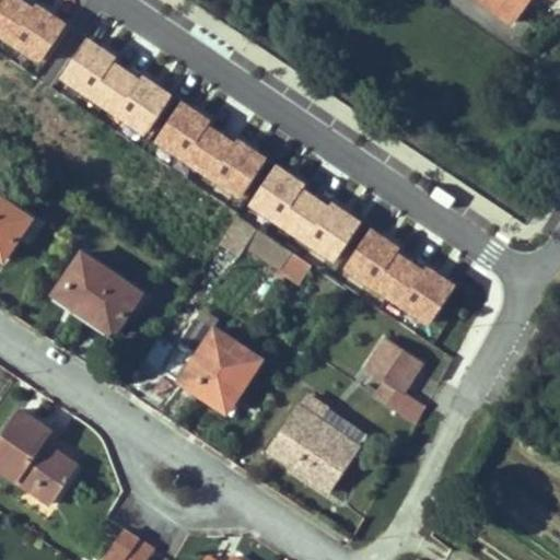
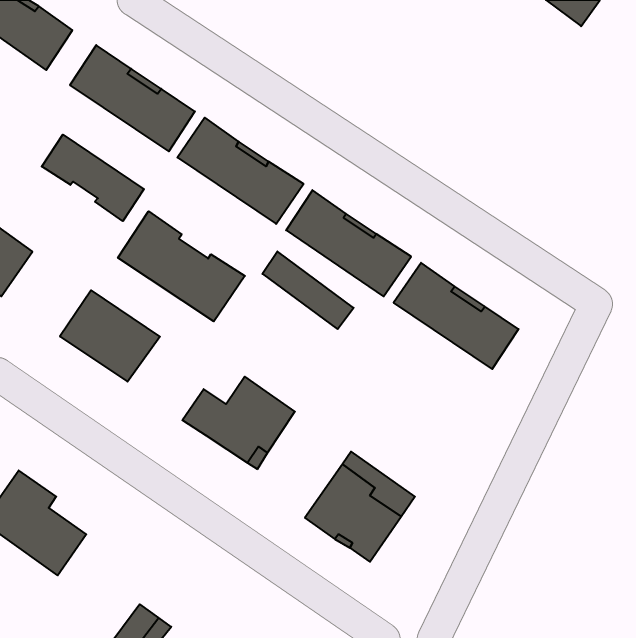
building: none -> [42,135,144,221]
building: none -> [118,211,245,321]
building: [363,341,424,424] -> none

